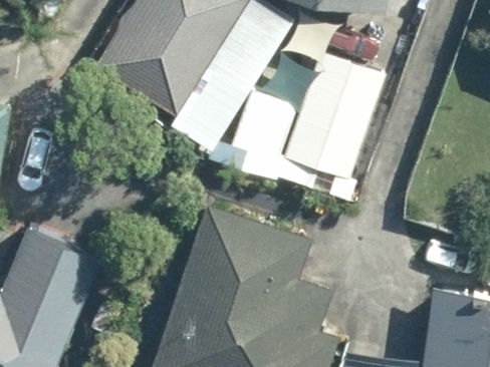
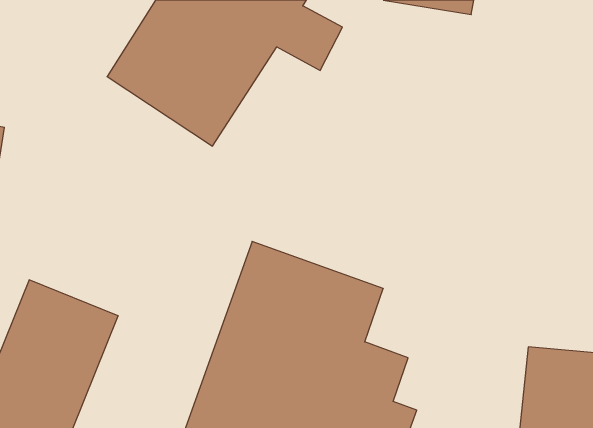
building: [203,51,387,189] -> none

